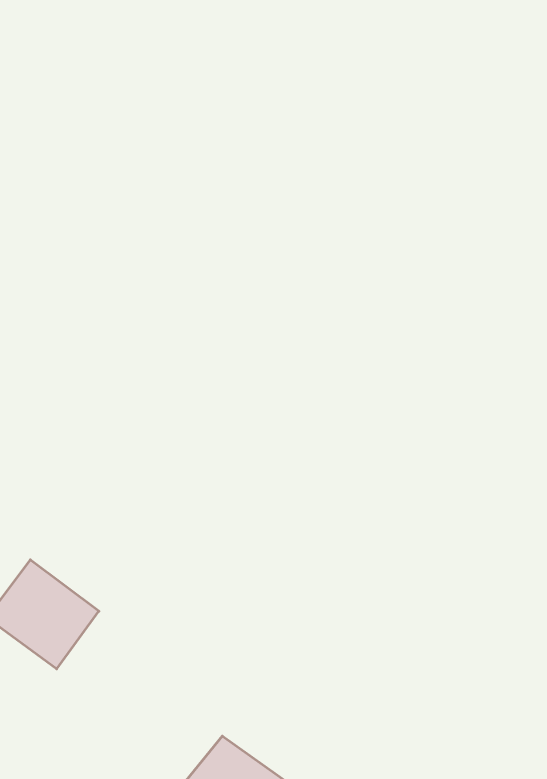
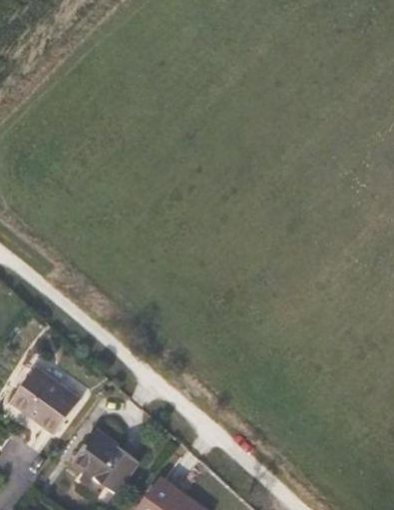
building: none -> [73,431,137,491]

